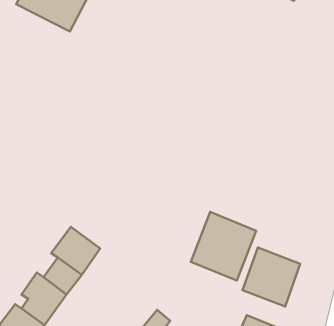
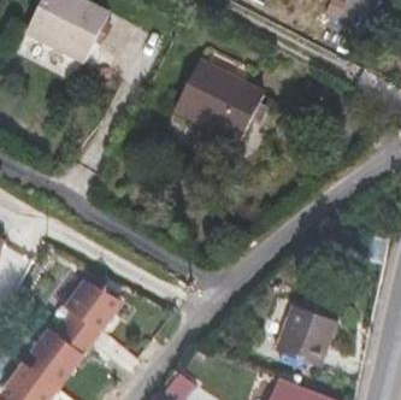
building: none -> [175,47,265,143]
building: [191,212,256,281] -> none

